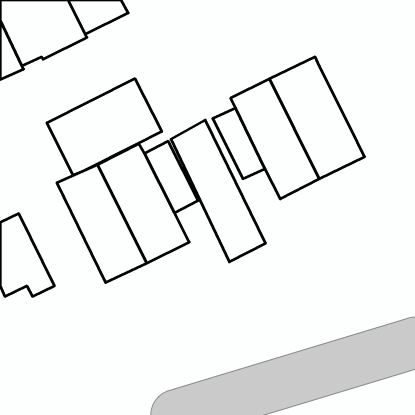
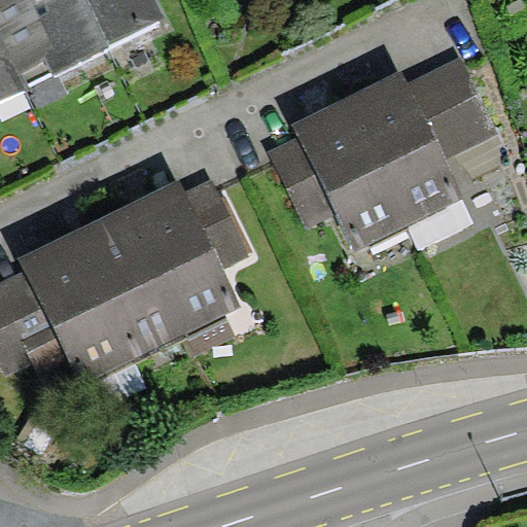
building: none -> [405,58,498,162]
building: [47,79,162,175] -> none
building: [171,120,265,262] -> none
building: none -> [17,232,134,385]

